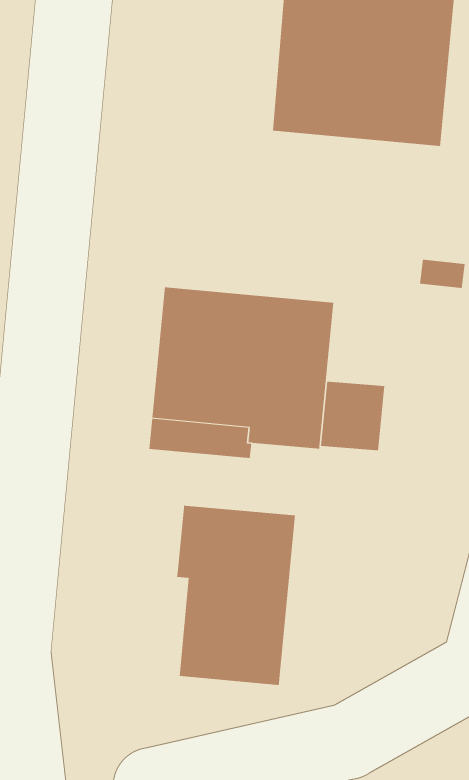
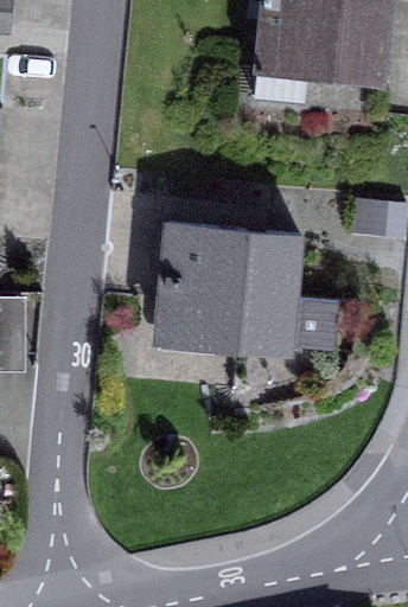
building: [176,505,296,686] -> none

